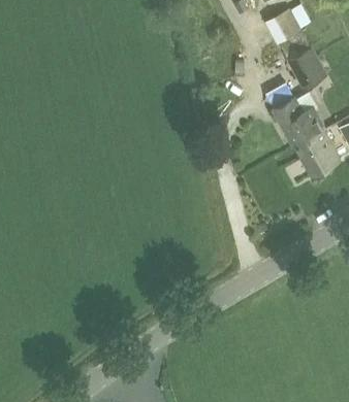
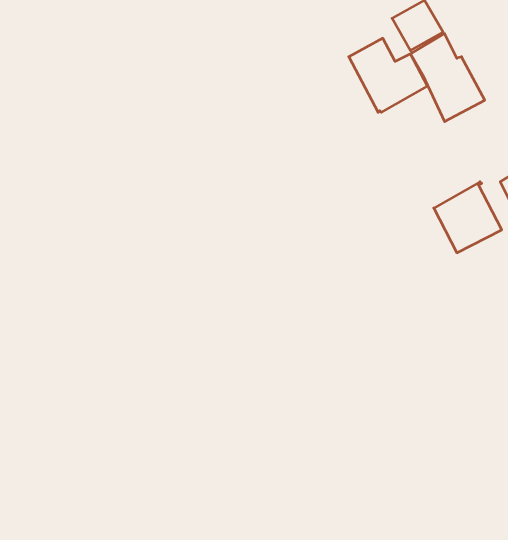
building: [275,101,327,150] -> [349,38,428,112]

